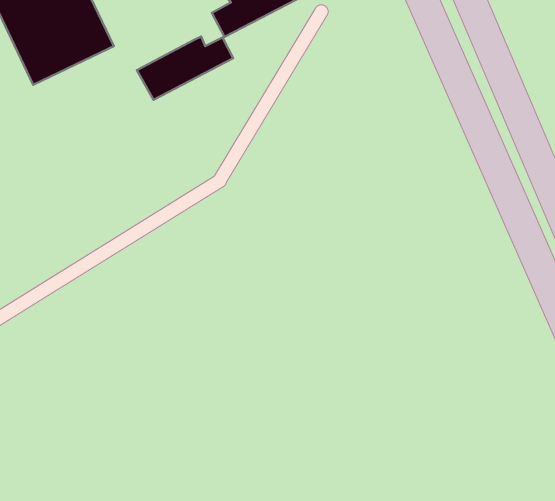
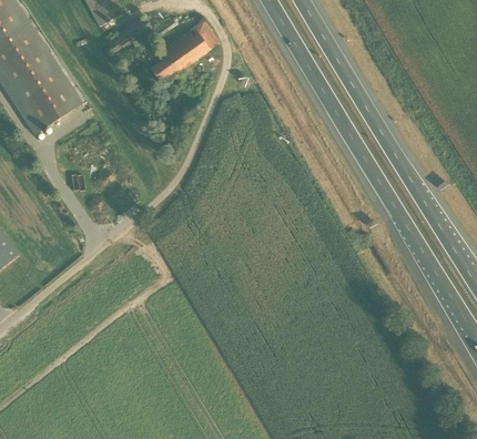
building: [137,36,233,100] -> none

